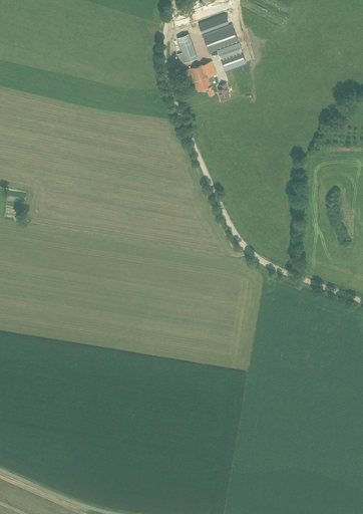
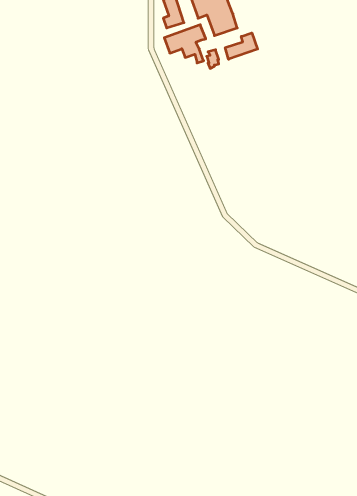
building: none -> [225,33,258,59]

